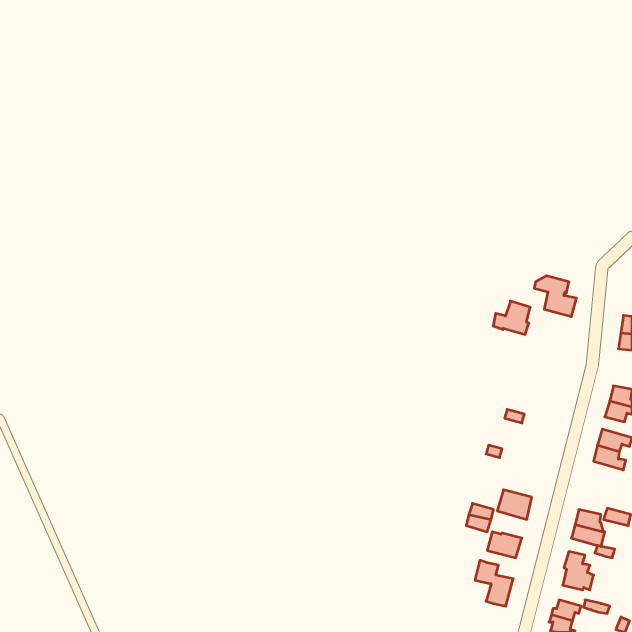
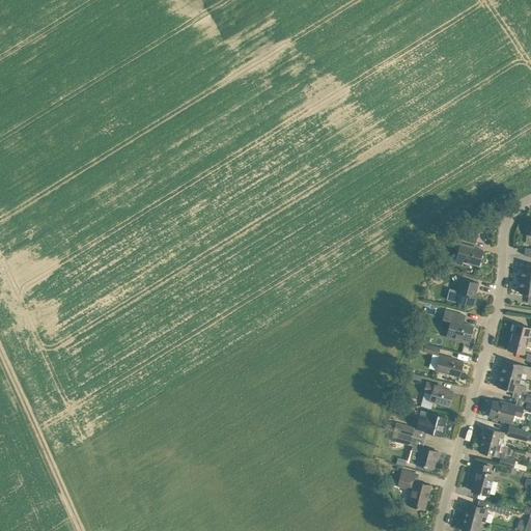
building: [493,301,530,334] -> [447,278,478,306]
building: none -> [441,310,473,343]
building: none -> [436,355,464,376]
building: none -> [424,382,452,406]
building: none -> [488,400,524,422]

